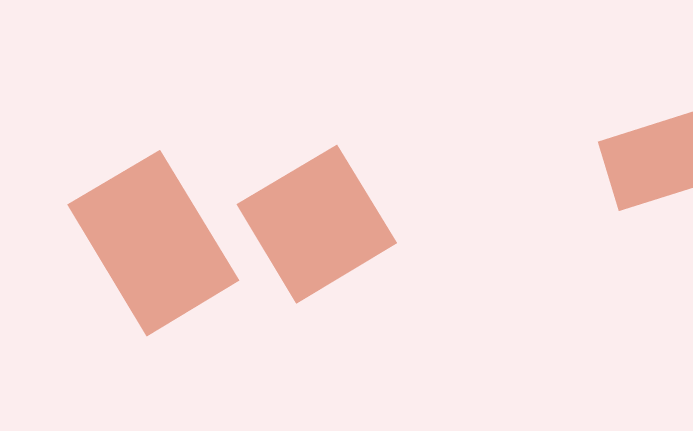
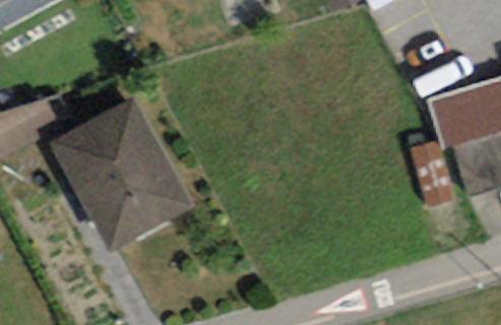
building: [236,144,398,305] -> none

